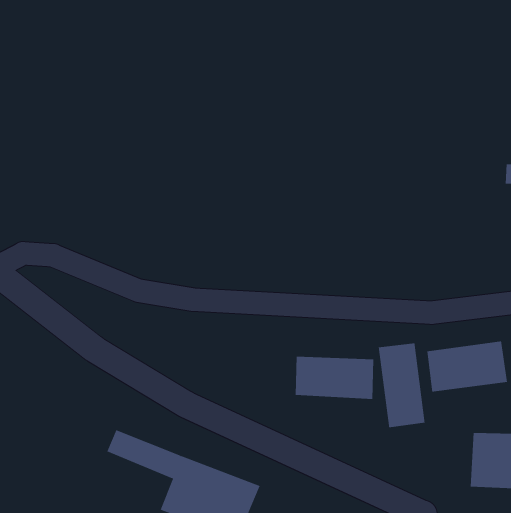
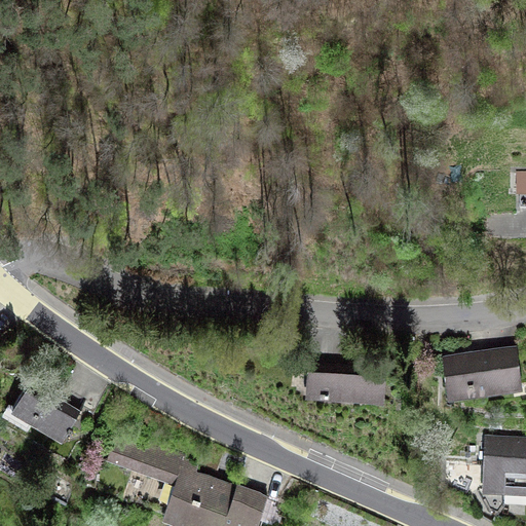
building: [378,343,425,428] -> none
building: none -> [7,382,77,443]

